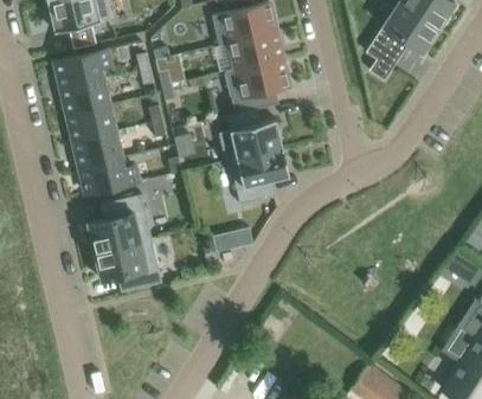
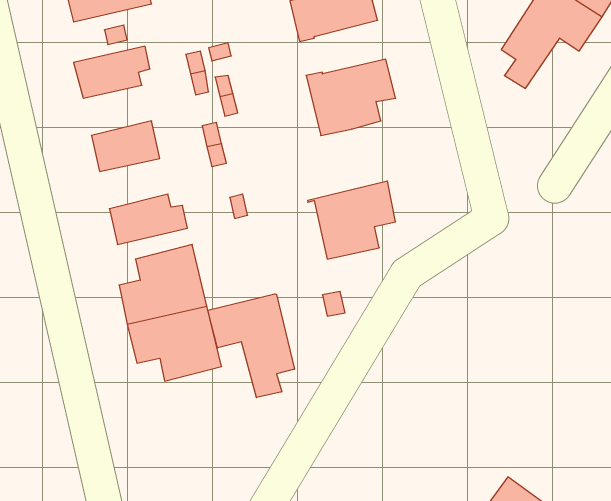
building: [230,30,282,69] -> none
building: [62,77,111,114] -> none
building: [218,109,283,161] -> none
building: [73,130,123,167] -> none
building: none -> [208,294,294,398]

